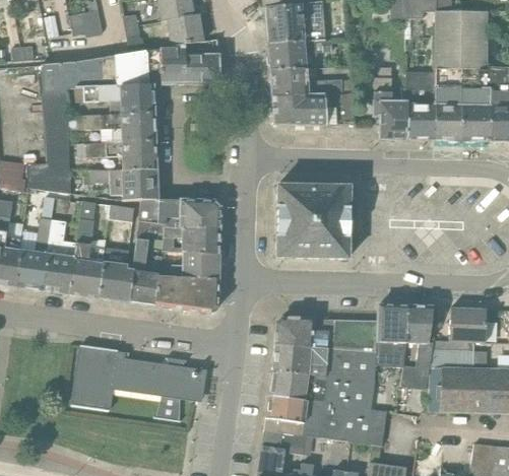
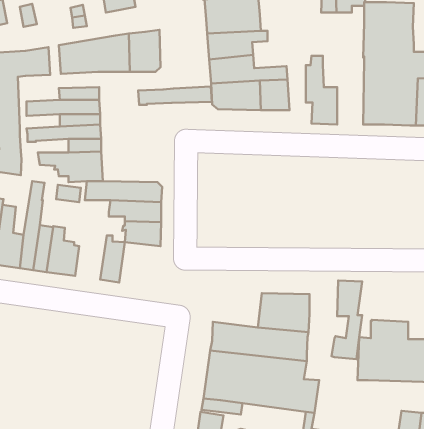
building: [168,14,203,46] -> none
building: [405,72,436,140] -> none
building: [76,84,154,104] -> [138,87,212,105]
building: [276,185,351,259] -> none
building: [129,220,167,304] -> none
building: [176,265,219,313] -> none
building: [376,304,408,366] -> none
building: [450,308,487,342] -> none
building: [275,318,327,355] -> none
building: [73,344,205,420] -> none

